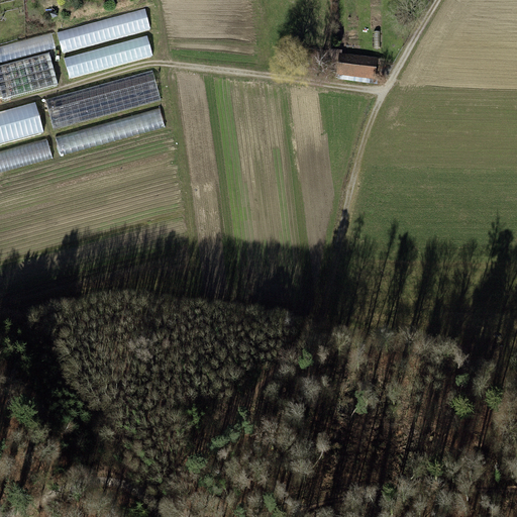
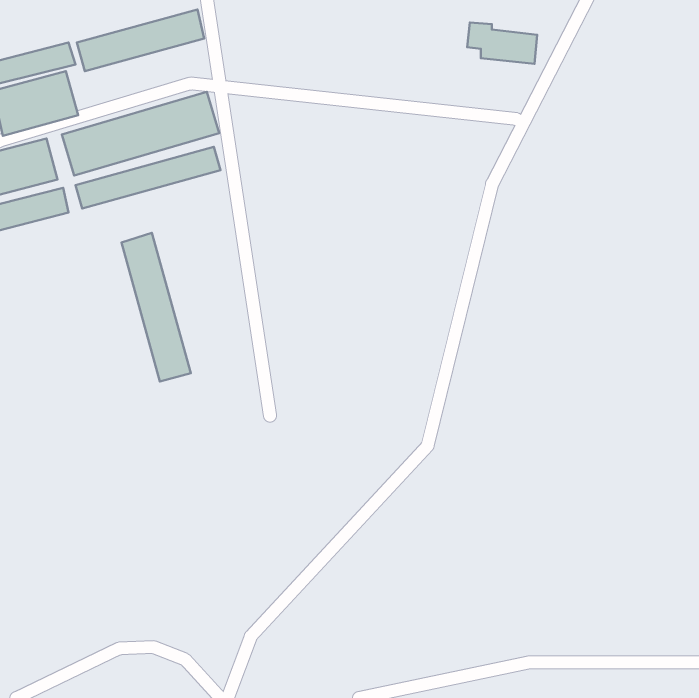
building: [64,34,153,78] -> none
building: [323,48,375,79] -> [467,23,537,64]
building: none -> [122,233,191,381]

